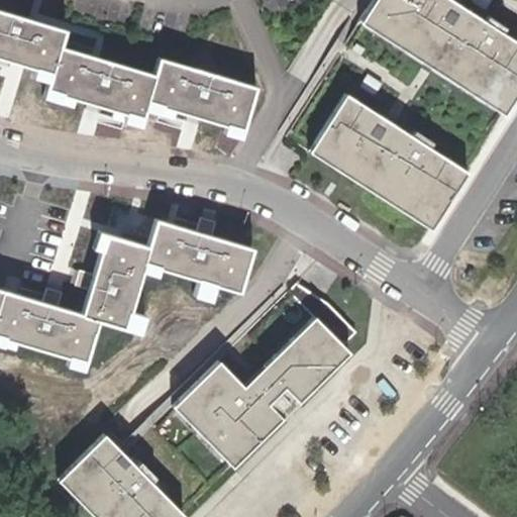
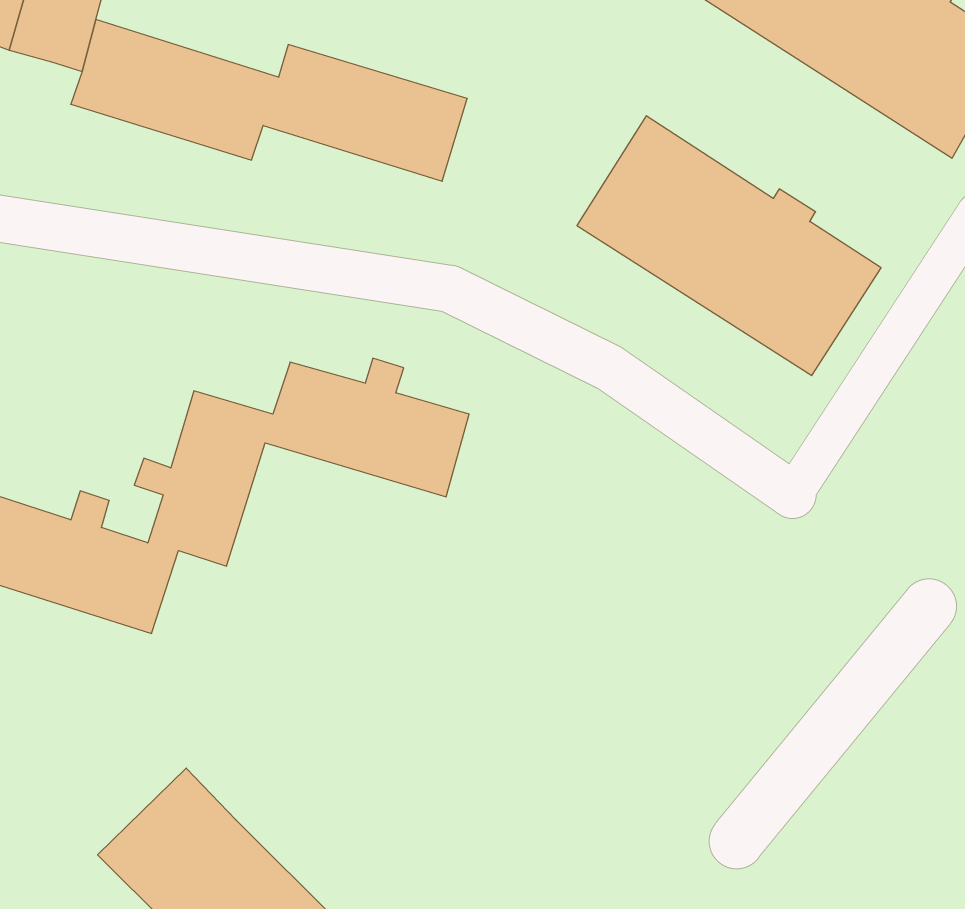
building: [173,286,369,470] -> none

